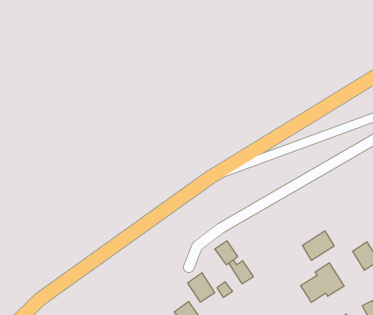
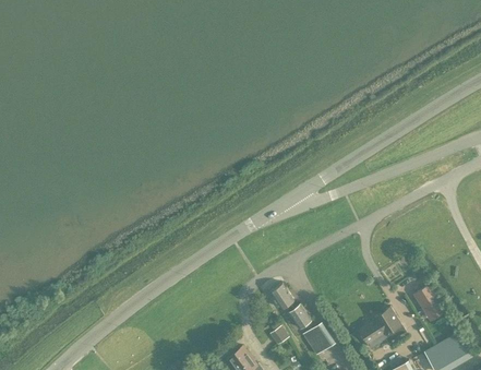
building: [302,231,334,260] -> none
building: [188,273,215,302] -> [302,324,330,355]

